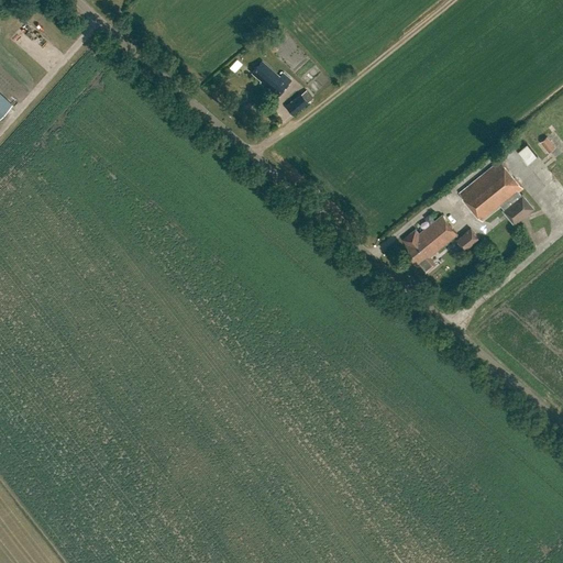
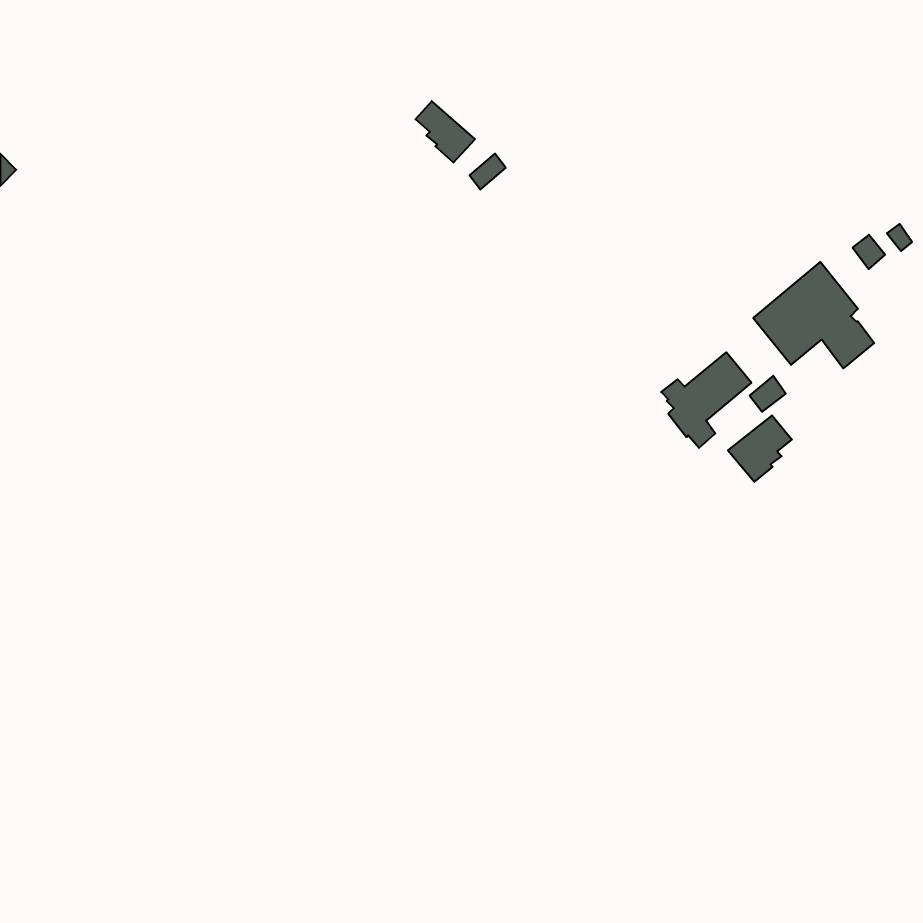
building: none -> [728,415,792,482]

